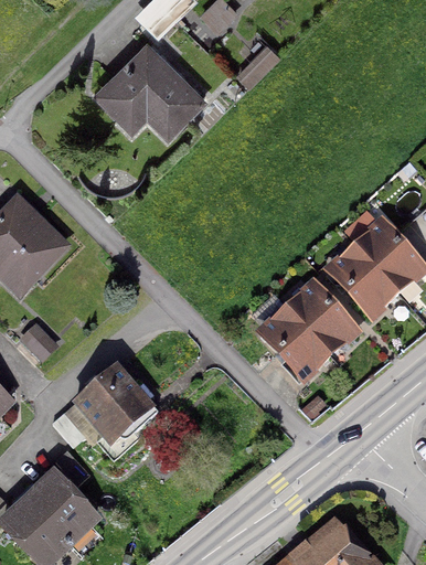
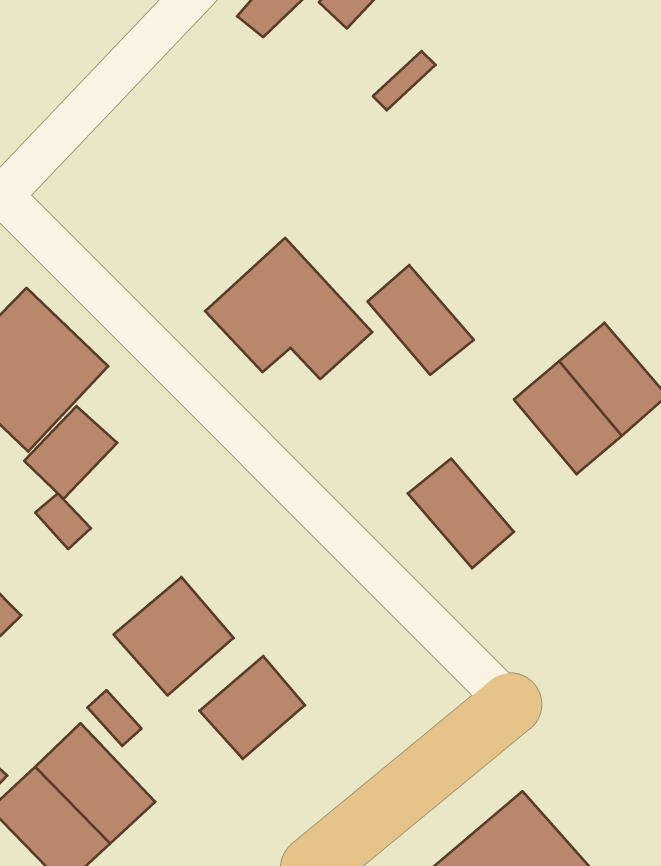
building: [94,46,200,136] -> [205,238,372,379]
building: none -> [24,406,117,499]
building: [288,279,355,349] -> [368,265,474,375]
building: none -> [199,656,305,759]

